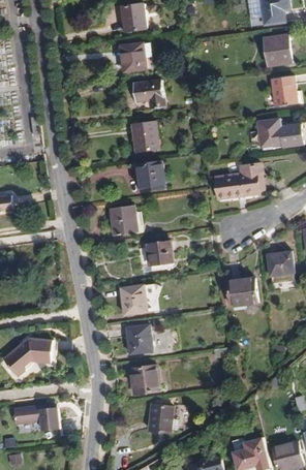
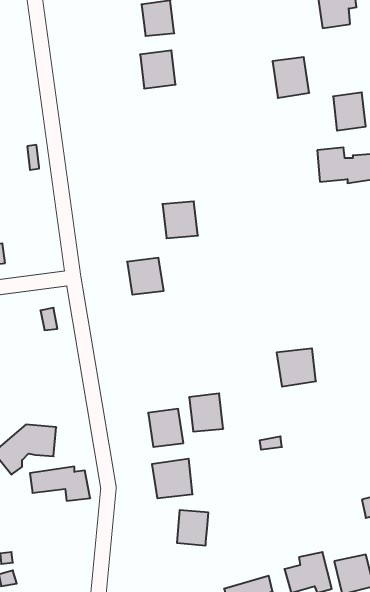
building: [263,34,292,66] -> [272,57,309,98]
building: [133,80,164,108] -> none
building: [131,121,158,151] -> none
building: [214,163,263,198] -> none
building: [145,240,174,265] -> none
building: [266,251,293,275] -> none
building: [120,284,147,314] -> [189,393,223,431]
building: [13,403,61,430] -> [30,467,90,501]

